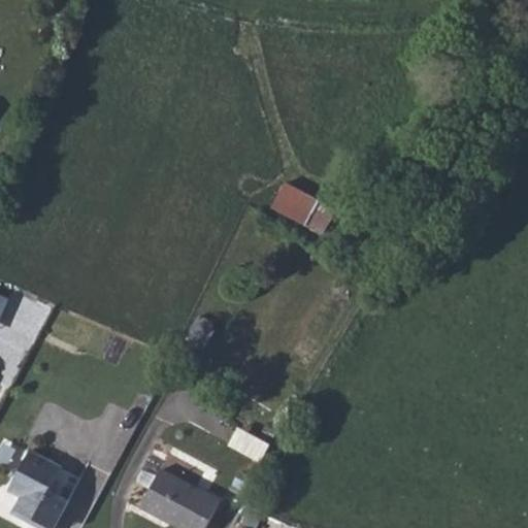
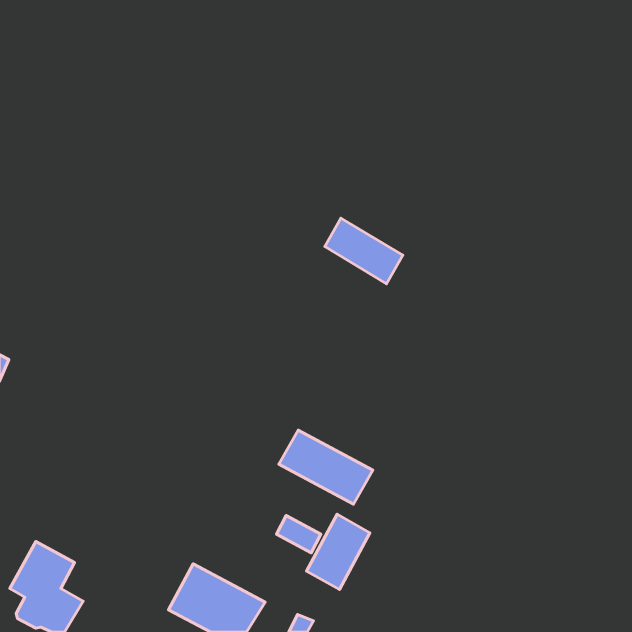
building: none -> [279,430,373,504]
building: none -> [306,514,370,590]

